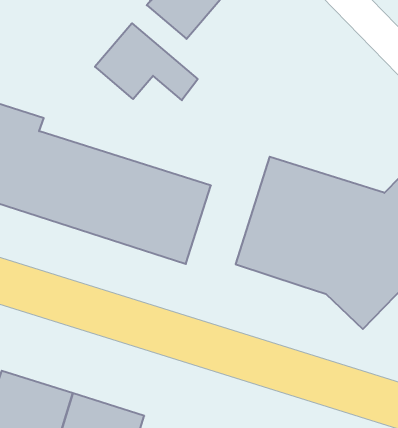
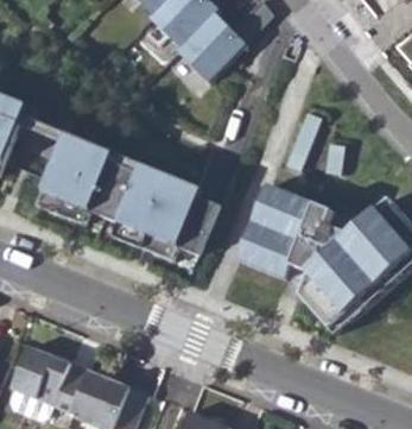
building: [95,23,198,100] -> none

